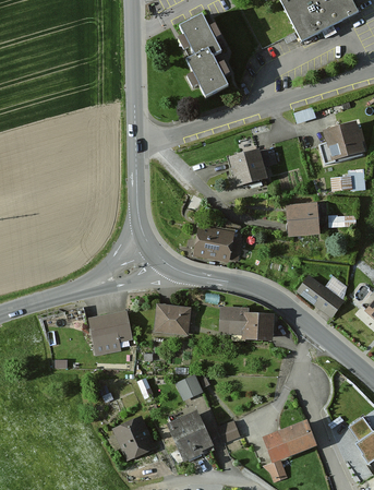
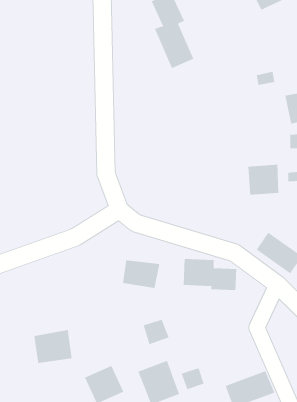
building: [229,151,275,188] -> none
building: [194,224,237,263] -> none
building: [89,313,131,349] -> [34,330,73,363]

